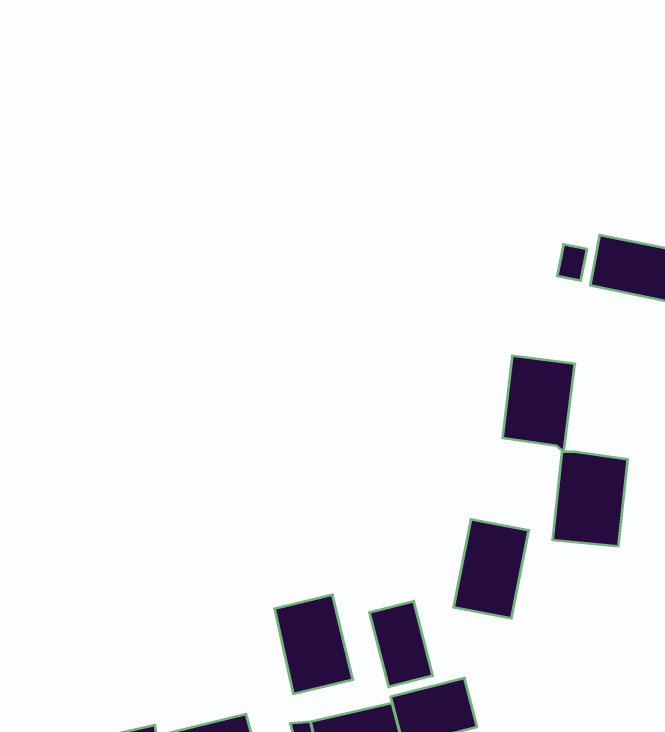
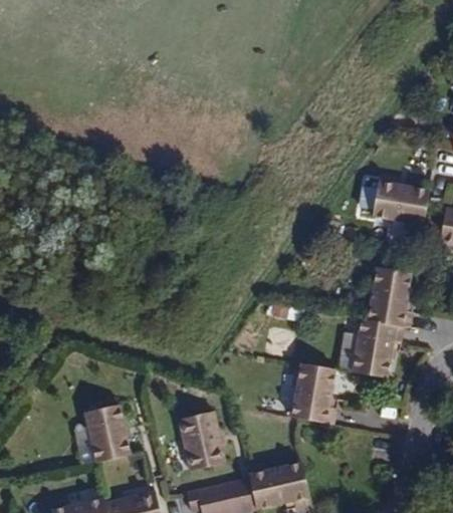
building: [503,356,575,452] -> [369,267,415,328]
building: none -> [84,405,133,464]
building: [370,601,433,687] -> none

